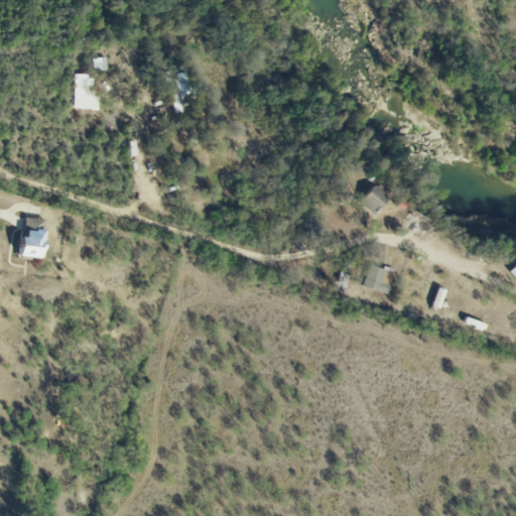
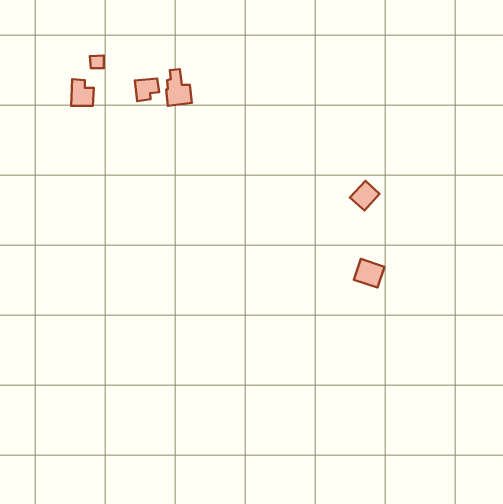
building: none -> [135,78,159,101]
building: [19,217,45,257] -> none

